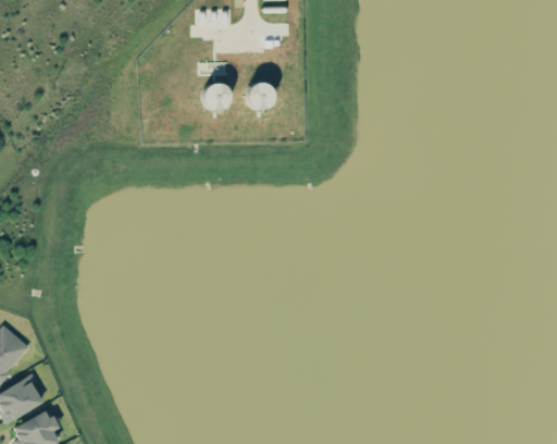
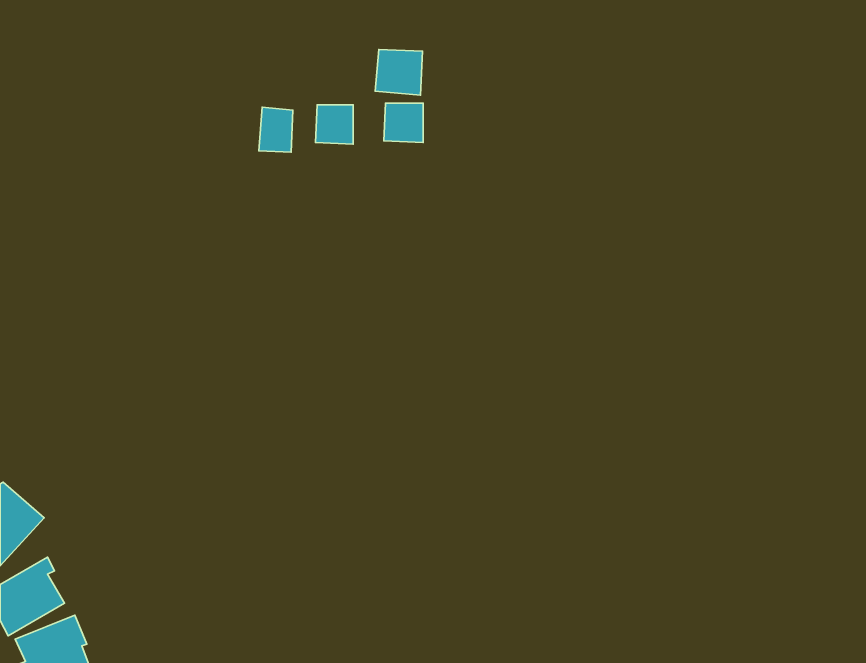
building: none -> [375,49,422,95]
building: none -> [259,107,293,152]

